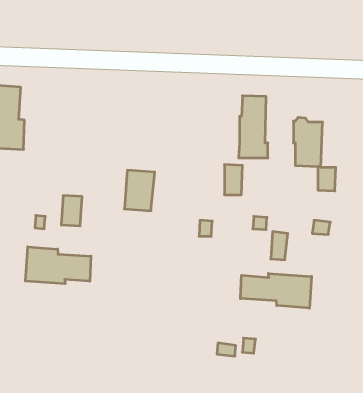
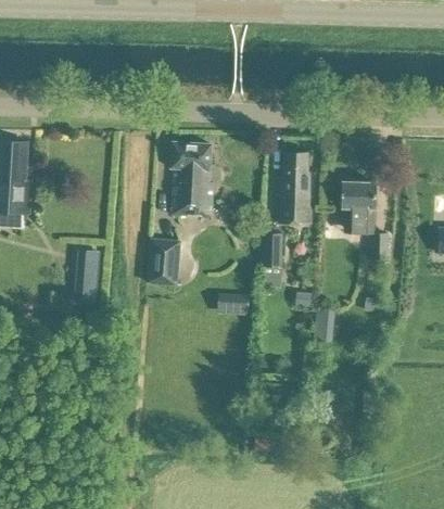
building: none -> [172,141,214,215]
building: [25,247,91,284] -> none
building: [240,273,312,308] -> none

